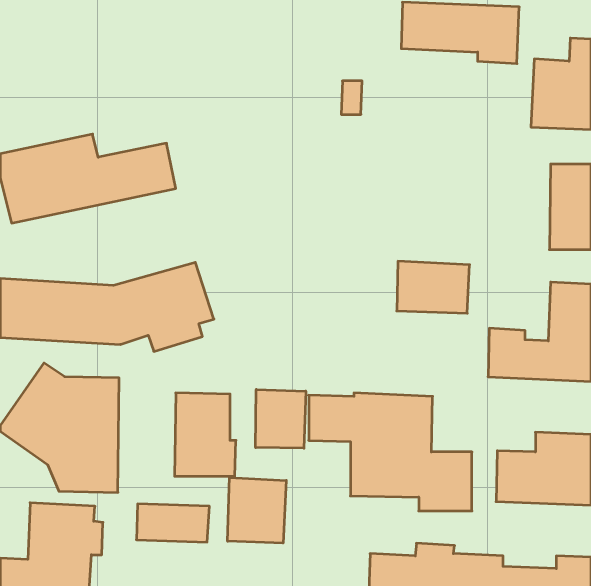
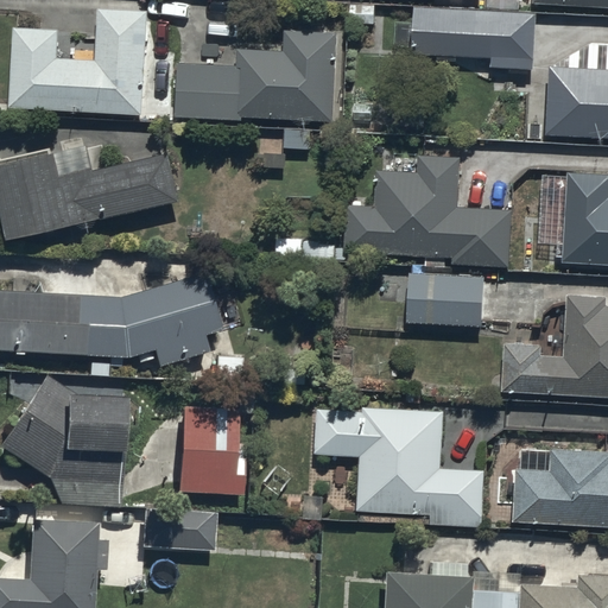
building: none -> [11,10,147,113]
building: none -> [177,33,336,121]
building: none -> [344,157,509,267]
building: [256,389,306,448] -> none
building: [228,478,286,543] -> none

